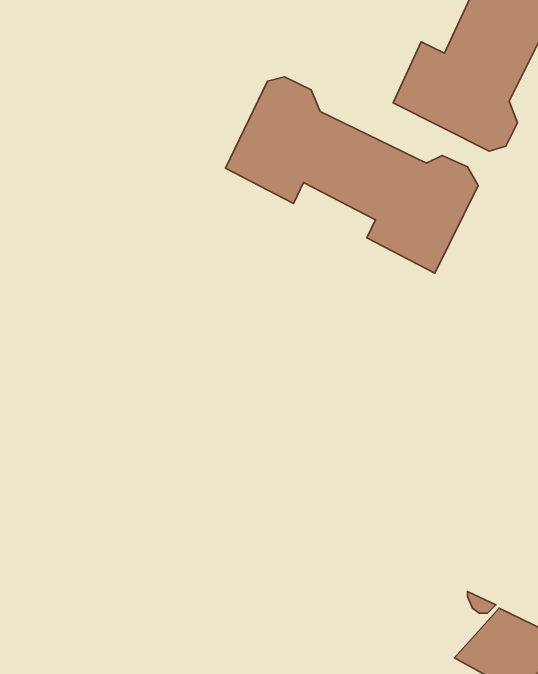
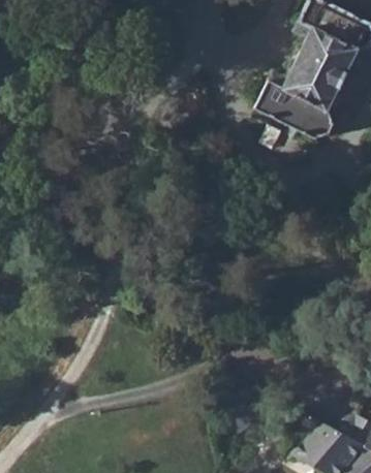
building: [225,77,478,273] -> none

